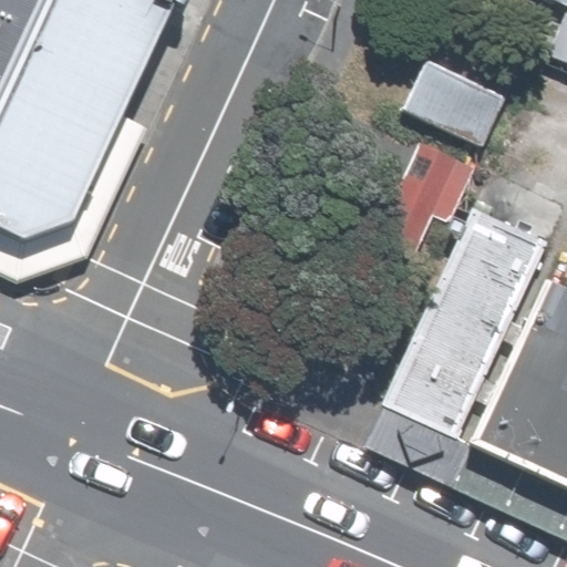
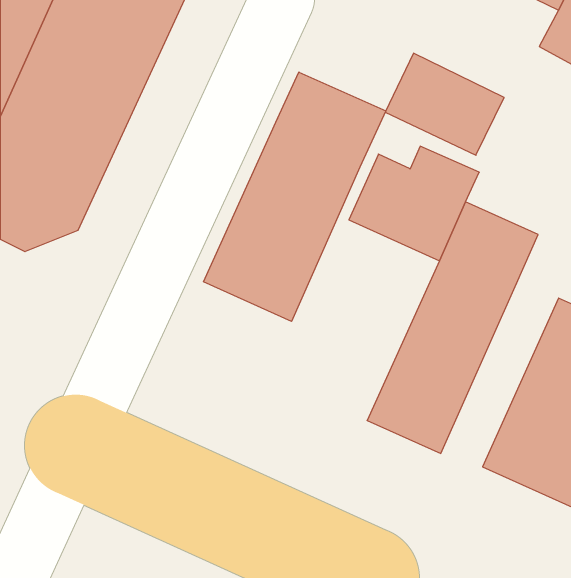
building: none -> [204,72,386,321]

